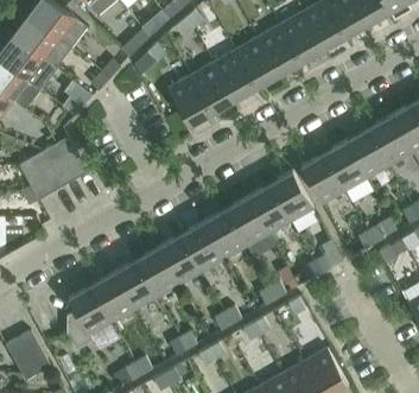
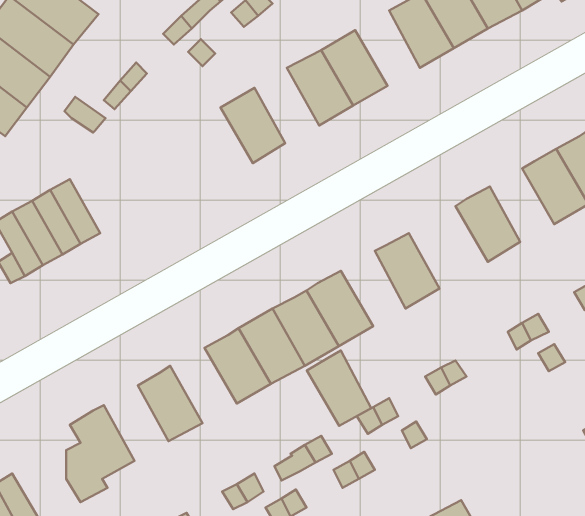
building: [256,25,299,75] -> none
building: [190,63,233,113] -> none
building: [345,129,388,178] -> none
building: [300,154,344,204] -> none
building: [247,184,290,234] -> [307,351,371,426]
building: [134,248,178,298] -> none
building: [90,273,133,323] -> none

